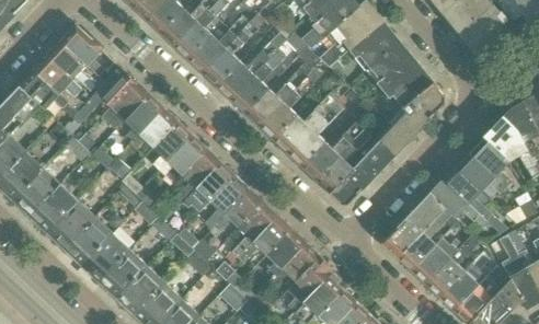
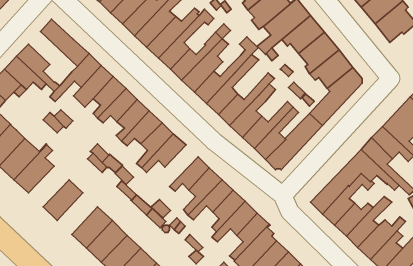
building: [47,39,105,88] -> none
building: [204,174,249,229] -> none
building: [47,199,95,247] -> none
building: [81,231,129,280] -> none

